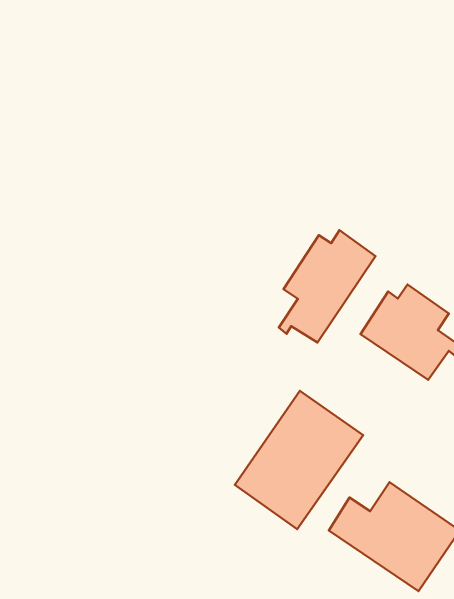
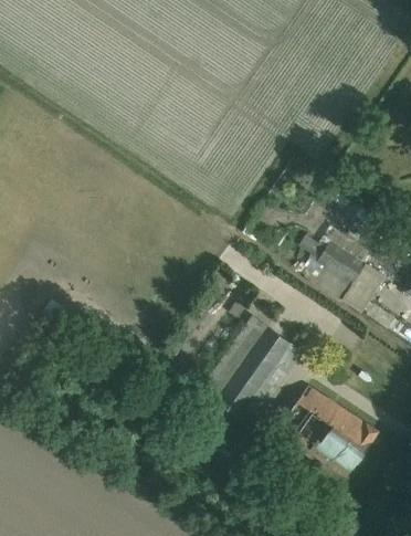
building: [279,230,376,343] -> none

